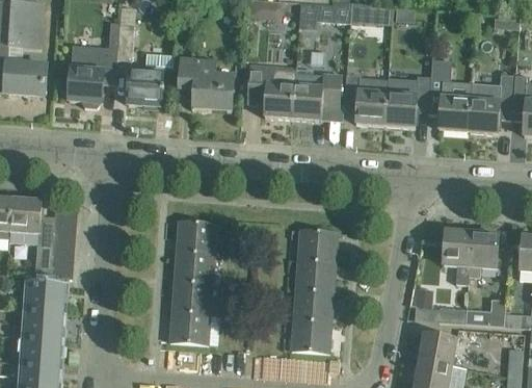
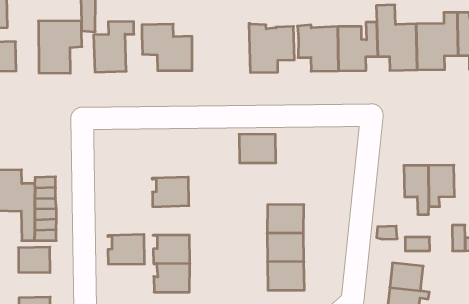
building: [246,63,294,119] -> none
building: [297,230,338,263] -> [239,134,276,163]
building: [174,252,214,285] -> [108,234,145,264]
building: [26,309,61,338] -> none

